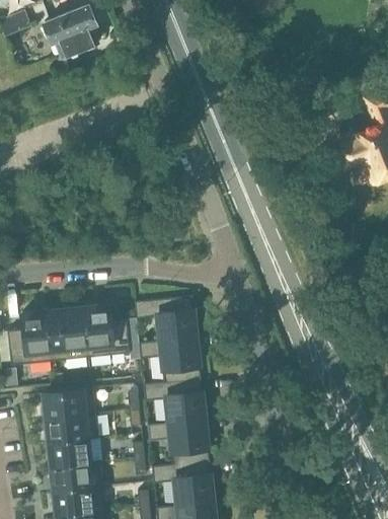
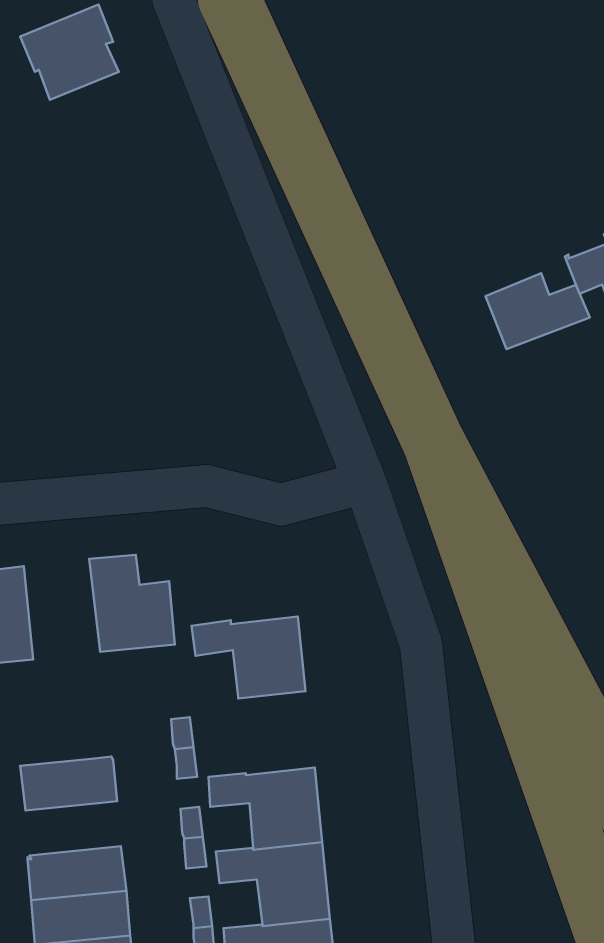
building: none -> [485,273,590,349]
building: [135,296,197,343] -> none
building: [48,307,89,362] -> none
building: [143,379,206,425] -> none
building: [44,389,95,420] -> none
building: [49,440,100,468] -> none

